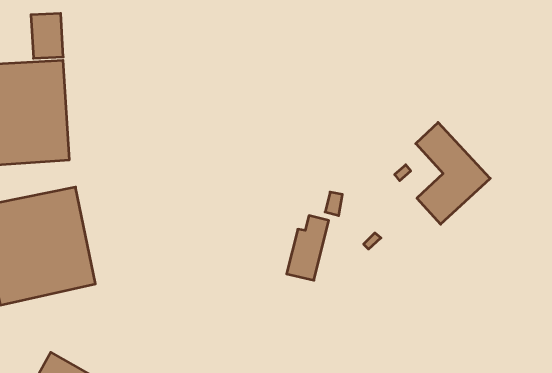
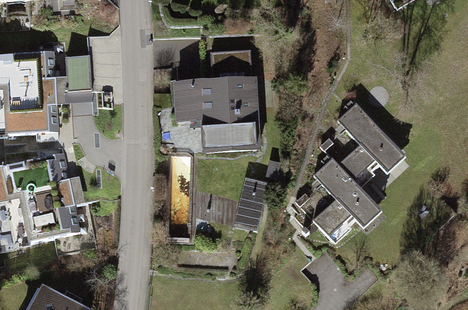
building: [31,13,63,58] -> [65,59,91,95]
building: none -> [177,50,256,151]
building: none -> [313,158,373,241]

